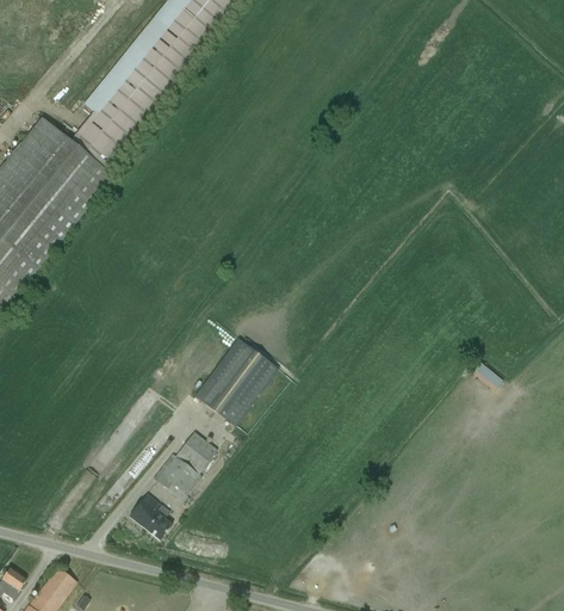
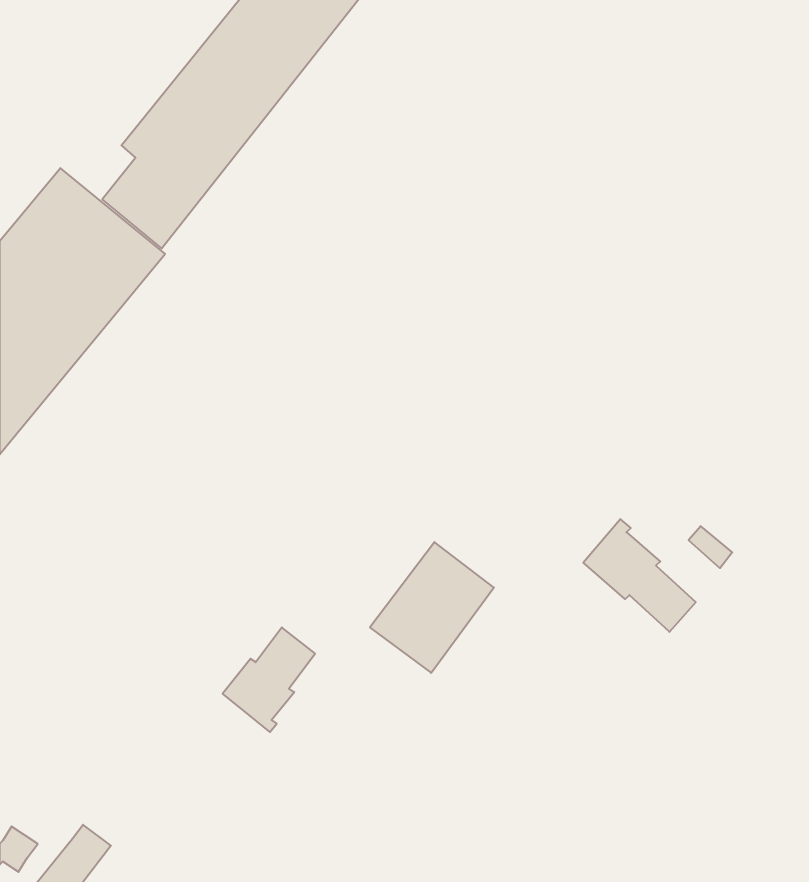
building: [193,337,278,426] -> [370,542,494,673]
building: none -> [583,519,696,632]
building: [129,492,172,538] -> none

